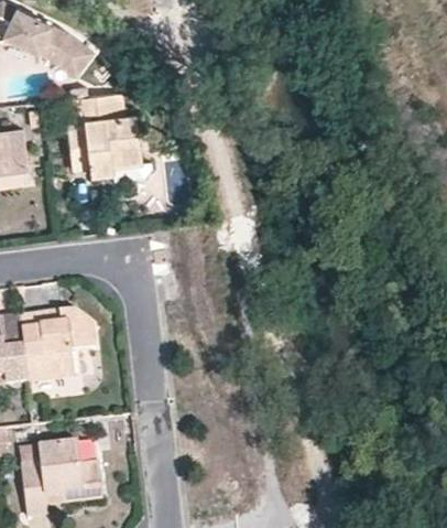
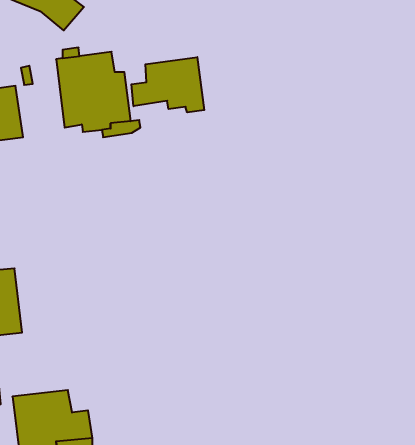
building: none -> [131,57,204,112]
building: [21,311,96,382] -> none

